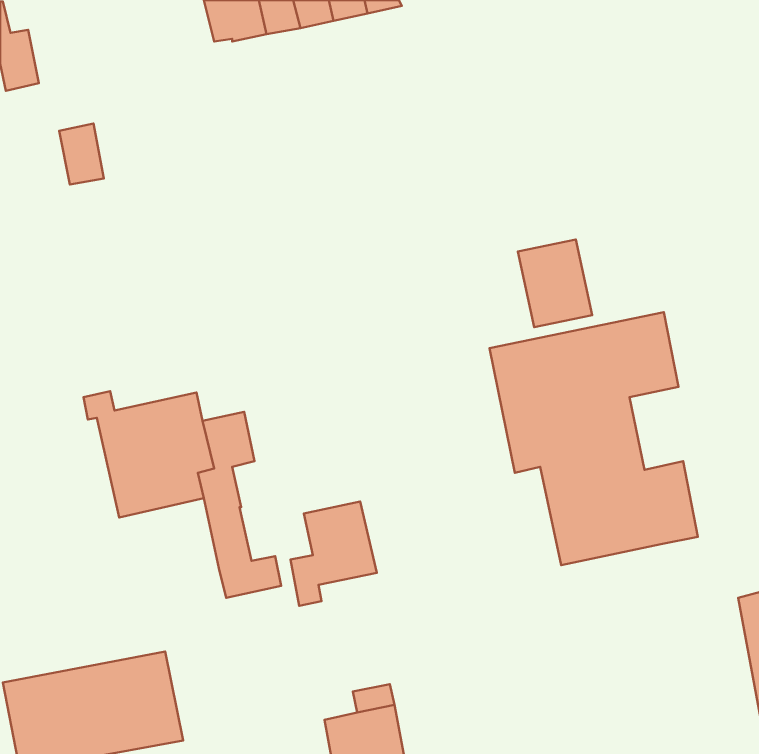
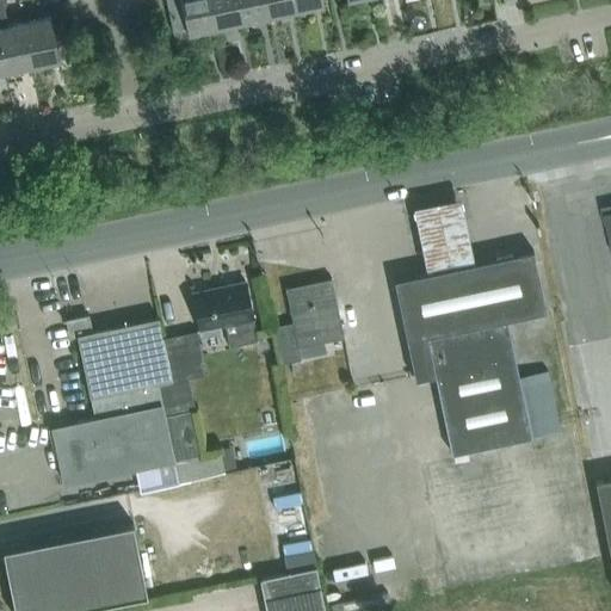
building: [59,123,104,184] -> [24,23,60,72]
building: none -> [193,285,258,350]
building: none -> [55,405,177,486]
building: [290,502,377,606] -> [276,284,345,368]

